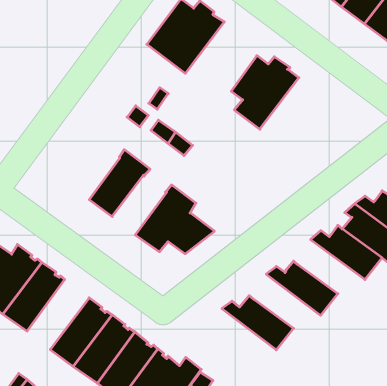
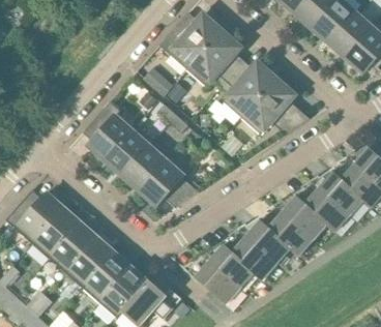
building: none -> [187,32,243,86]
building: none -> [241,80,310,135]
building: none -> [83,101,131,160]
building: none -> [122,145,166,190]
building: none -> [262,205,313,256]
building: none -> [226,229,276,280]
building: none -> [50,220,99,273]
building: none -> [188,252,240,304]

